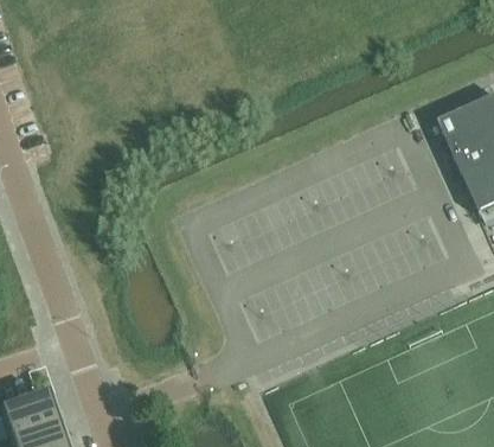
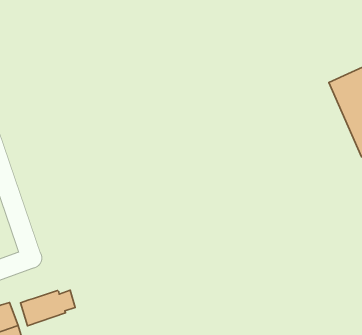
building: none -> [21,290,75,326]

